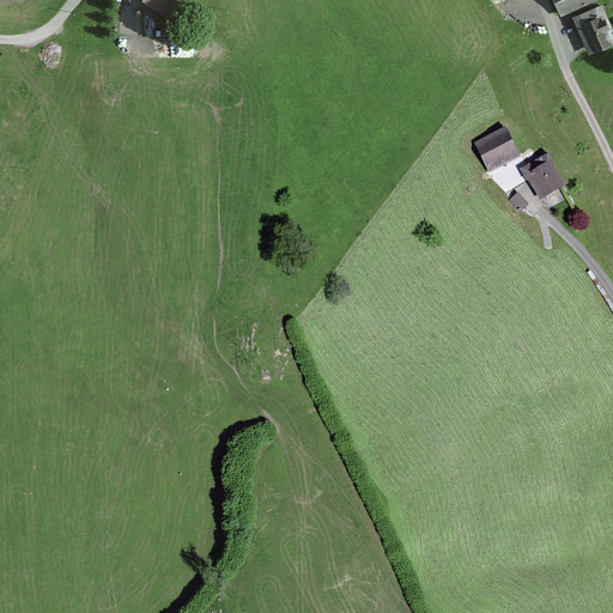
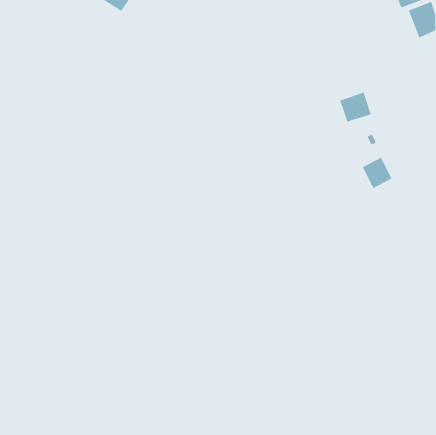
building: [521,153,564,199] -> [362,156,393,189]

